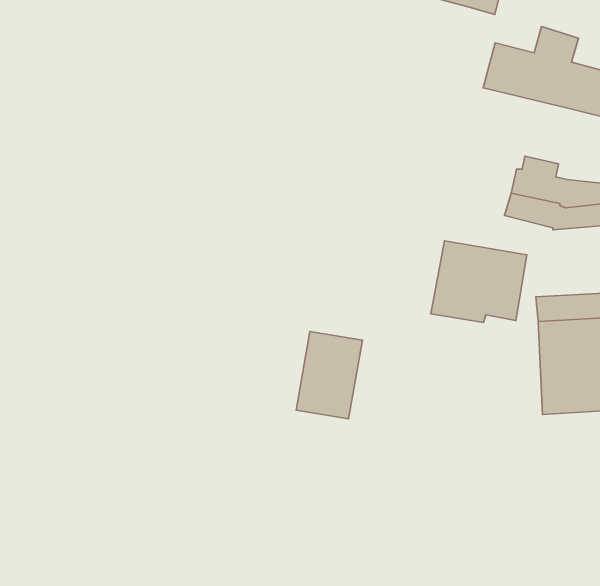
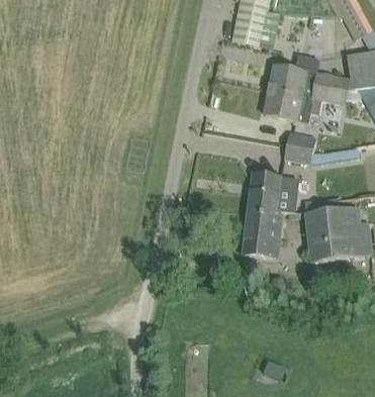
building: none -> [264,90,323,123]
building: [296,332,362,419] -> [243,212,276,258]

